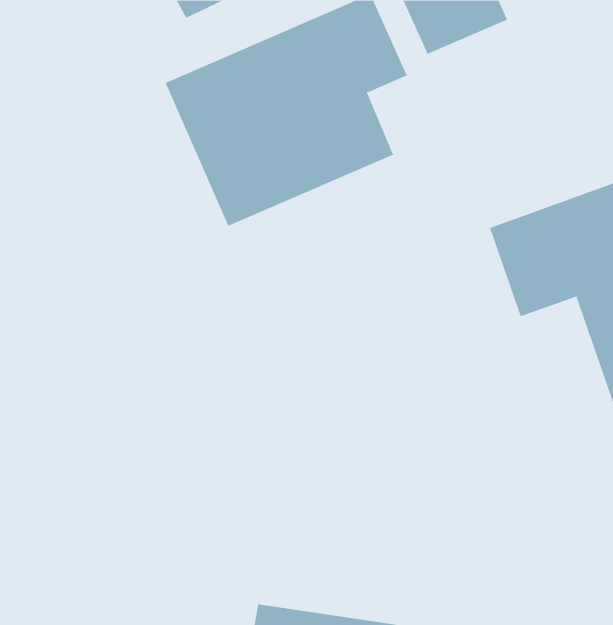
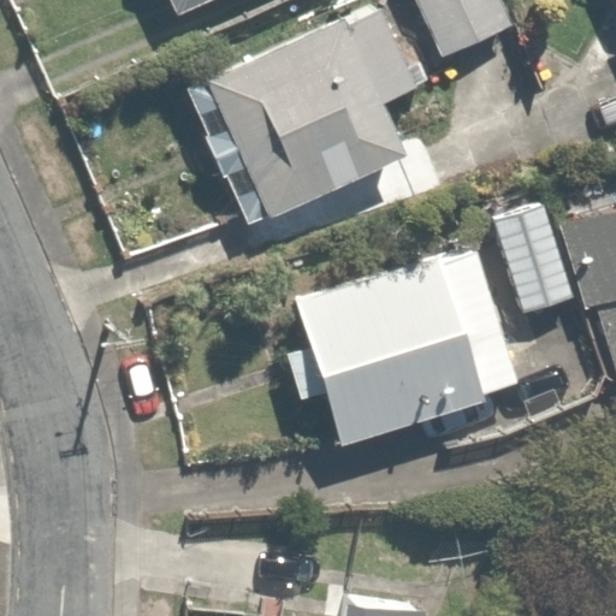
building: none -> [290,244,514,446]

